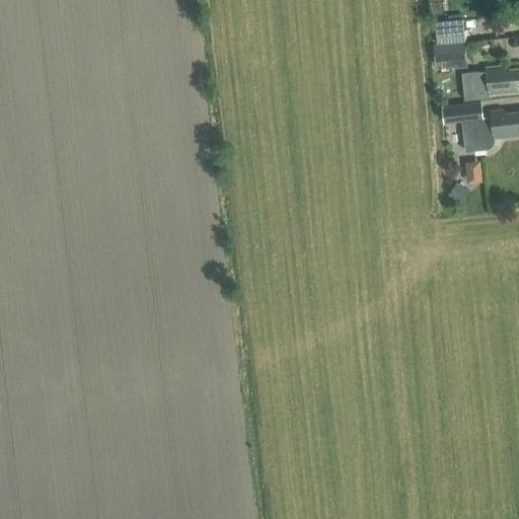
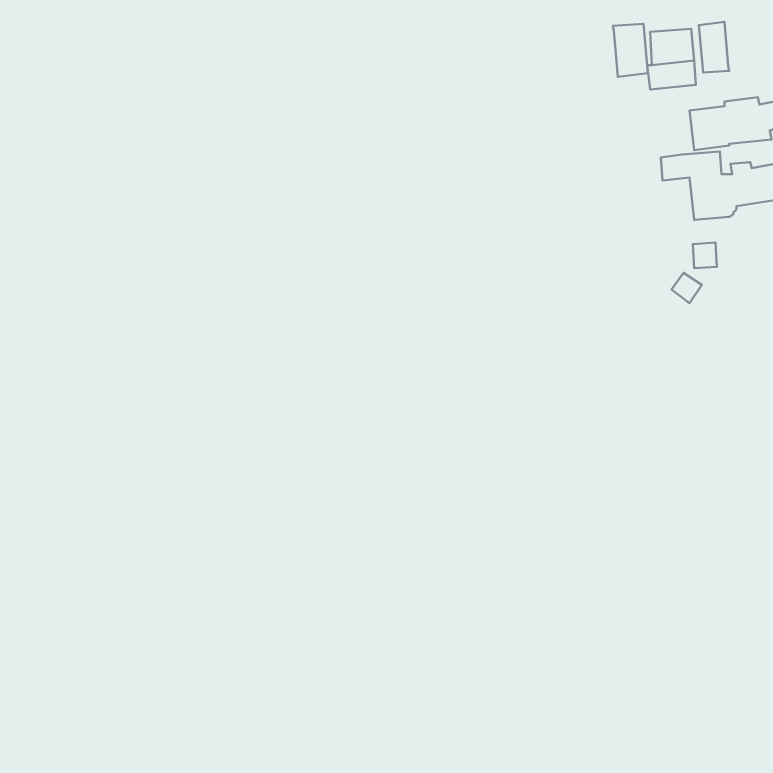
building: none -> [699,22,729,73]
building: none -> [613,24,648,77]

